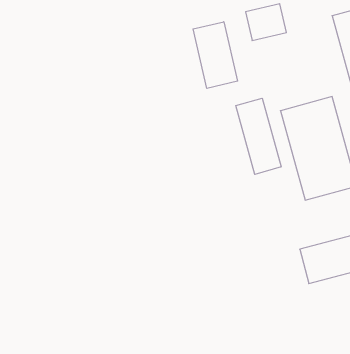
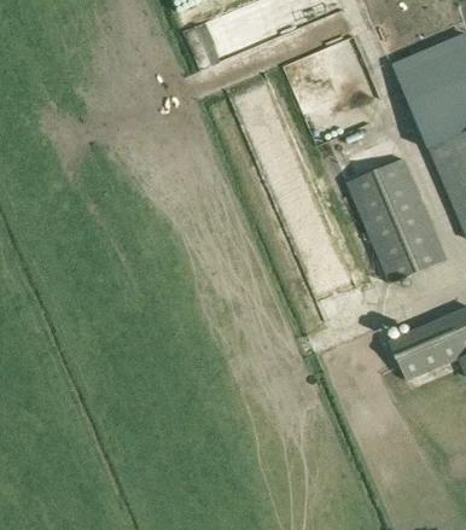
building: [193,22,238,88] -> none
building: [236,98,281,174] -> none

